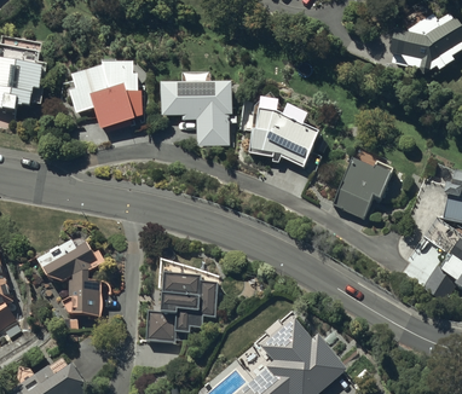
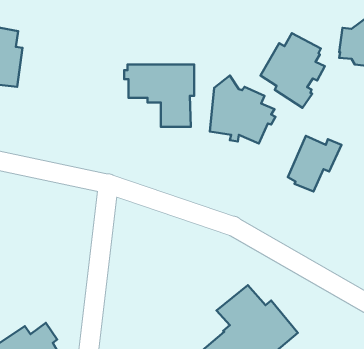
building: none -> [260,33,325,108]
building: [68,58,142,132] -> none
building: [36,236,105,315] -> none
building: [146,270,216,341] -> none

